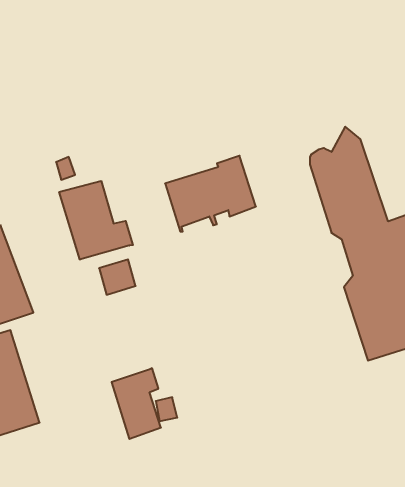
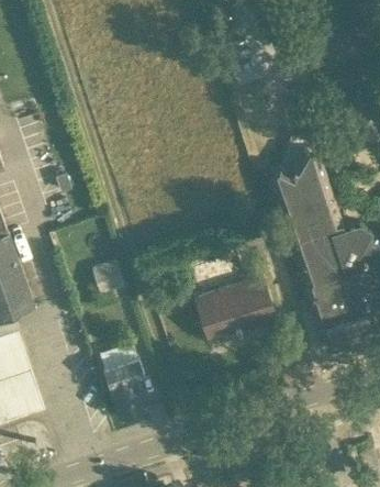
building: [165,156,256,232] -> [195,274,275,340]
building: [59,181,133,260] -> none

